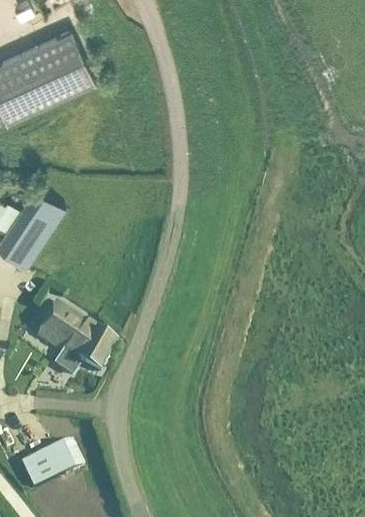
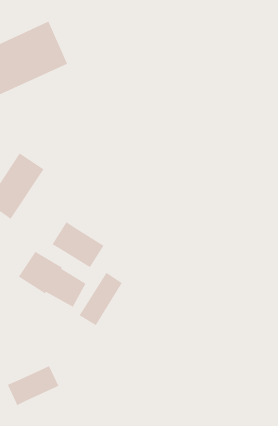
building: none -> [52,221,105,268]
building: none -> [79,272,123,326]

